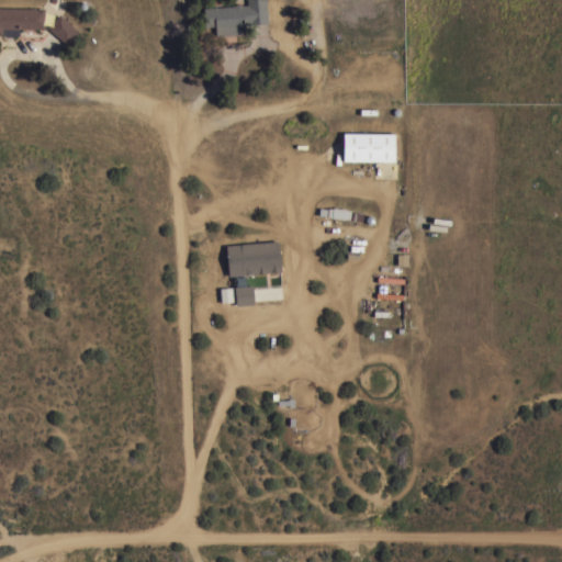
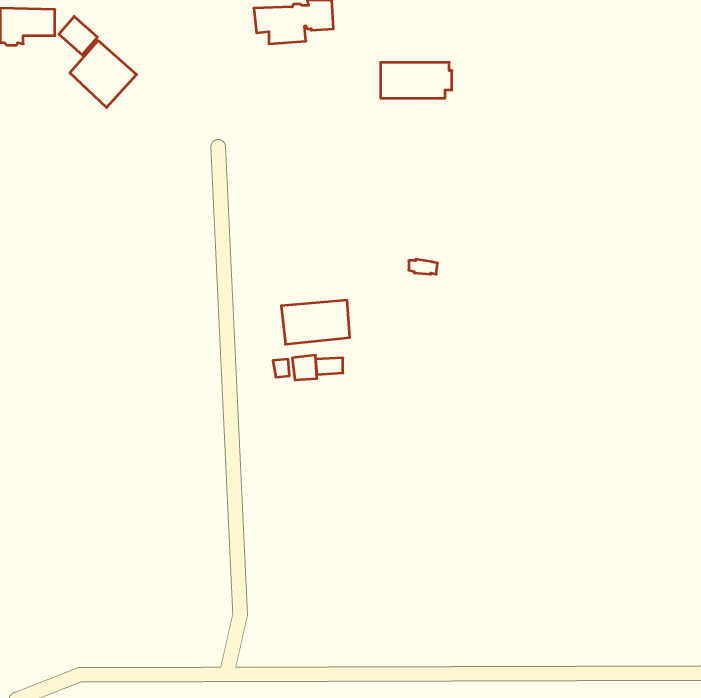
building: none -> [70,41,137,108]
building: [342,134,400,162] -> [381,62,452,98]

